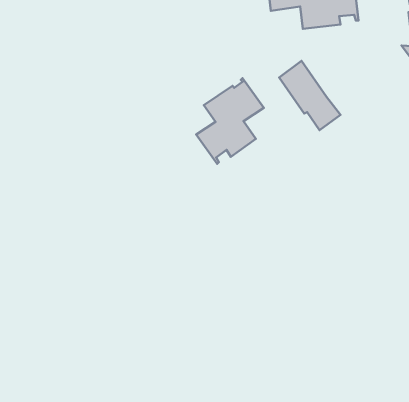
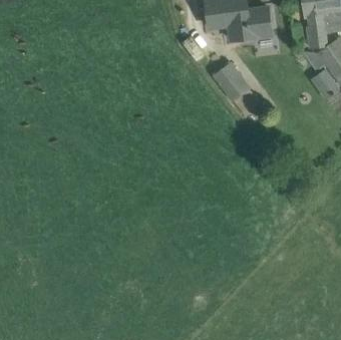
building: [196,78,264,164] -> none

